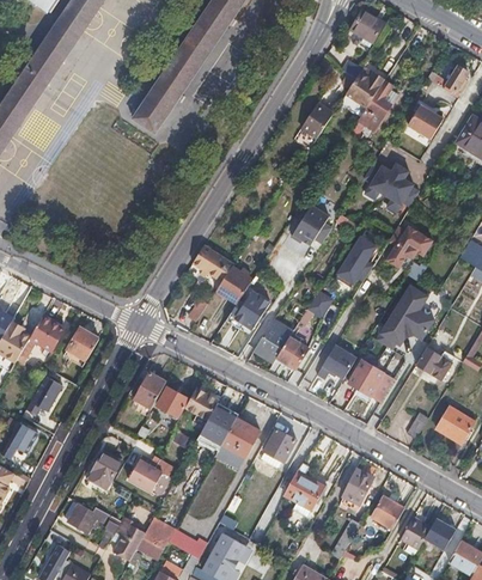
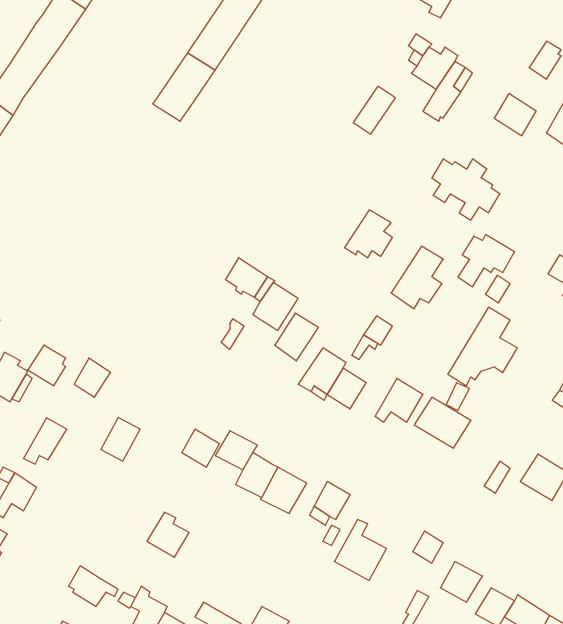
building: [415,335,454,379] -> none
building: [134,371,166,407] -> [101,418,140,461]
building: [89,450,121,486] -> none

